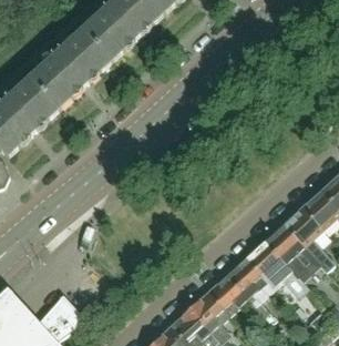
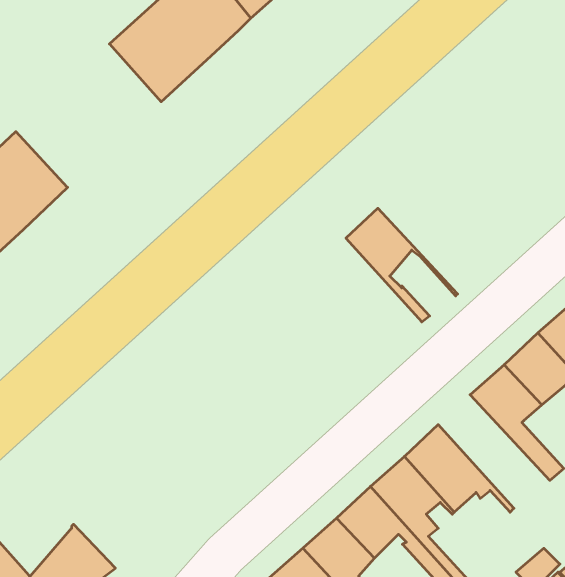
building: [30,28,111,108] -> none
building: [265,223,327,286] -> [346,208,458,322]

